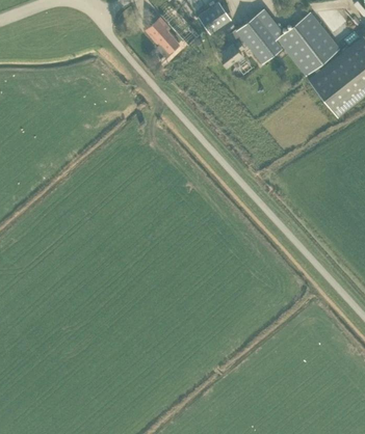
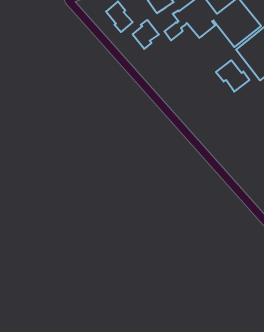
building: none -> [133,20,159,49]
building: none -> [216,60,249,92]

